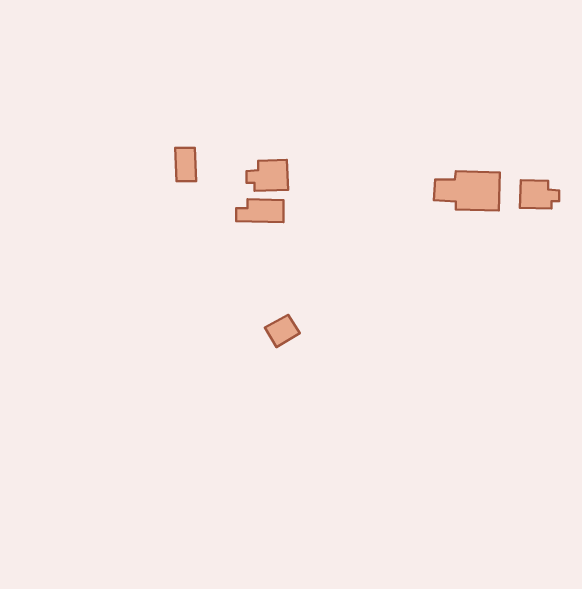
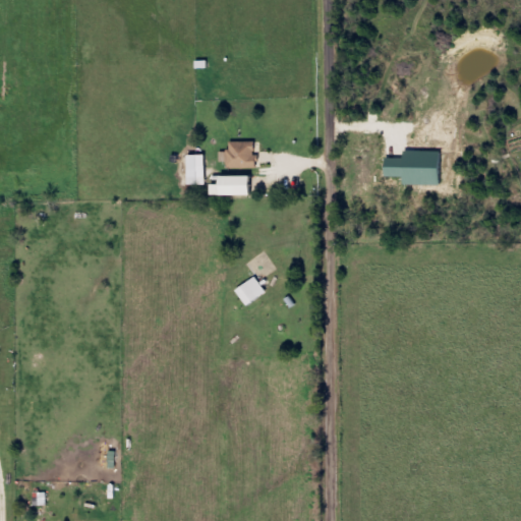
building: [175,148,196,181] -> [184,155,202,184]
building: [520,180,559,209] -> none

